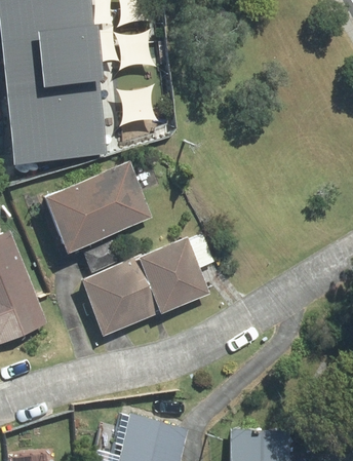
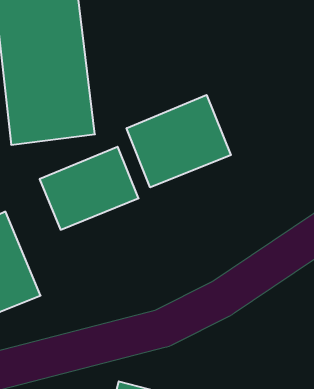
building: none -> [127,95,231,187]
building: [82,238,209,335] -> none

